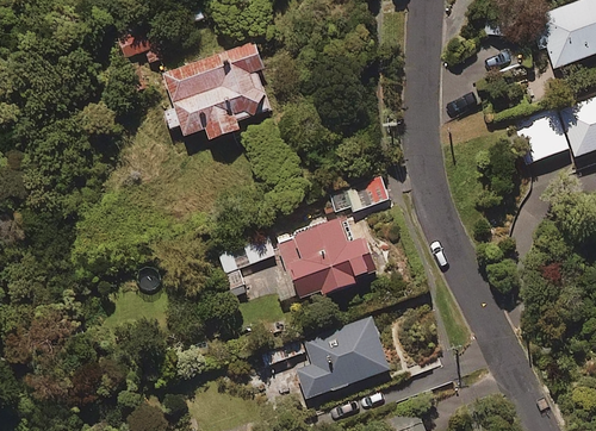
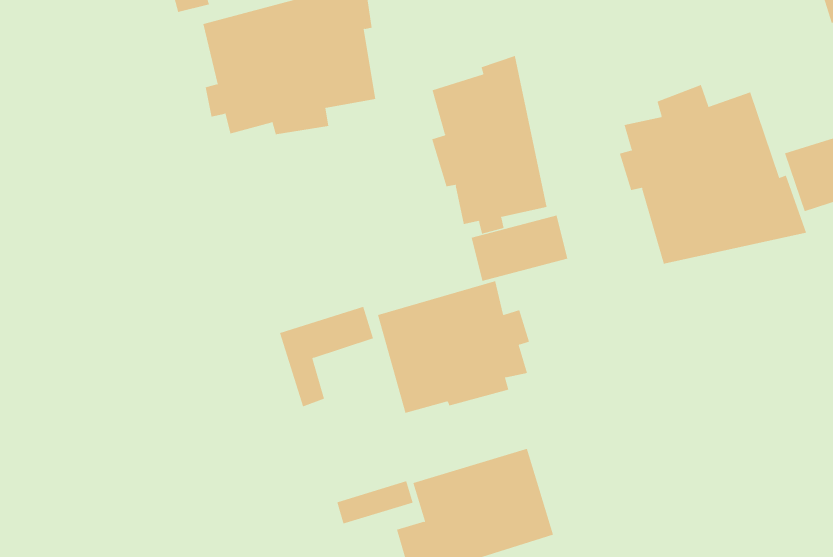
building: none -> [432,55,547,234]
building: none -> [619,84,807,264]

